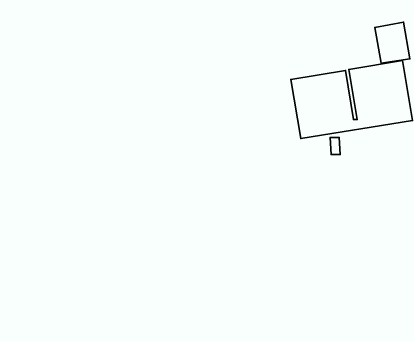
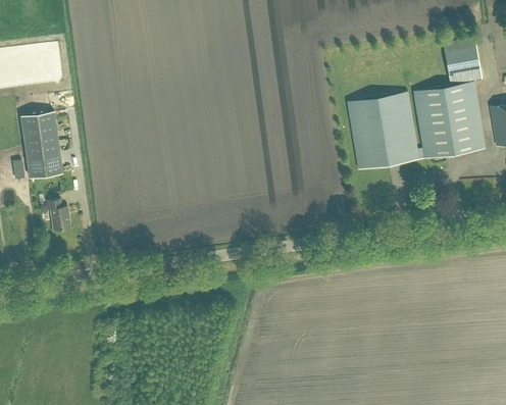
building: none -> [20,112,61,178]
building: none -> [46,200,70,231]

